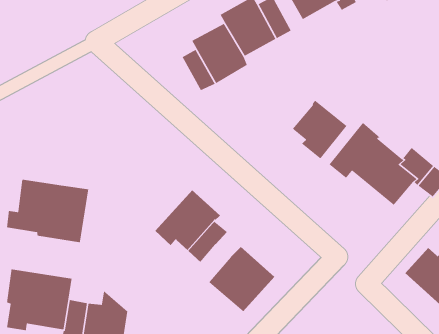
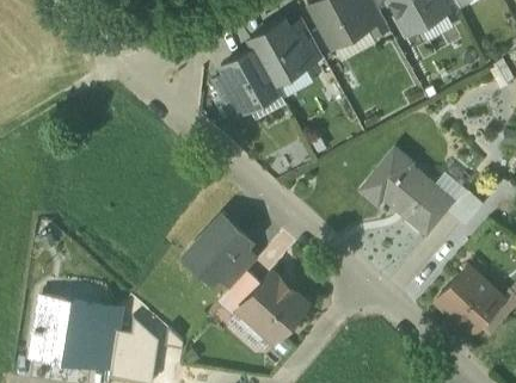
building: [292,99,348,159] -> none
building: [6,179,89,243] -> none
building: none -> [219,272,262,317]

